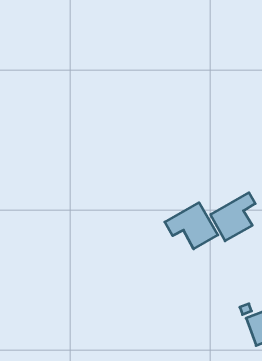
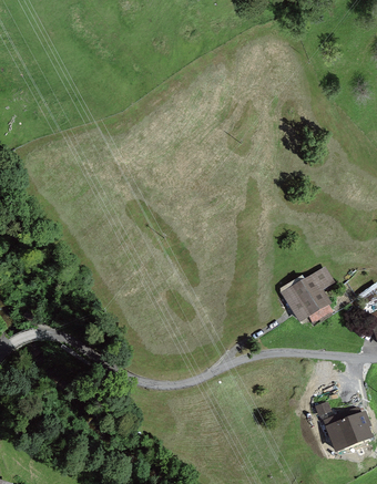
building: [165,203,218,249] -> none

